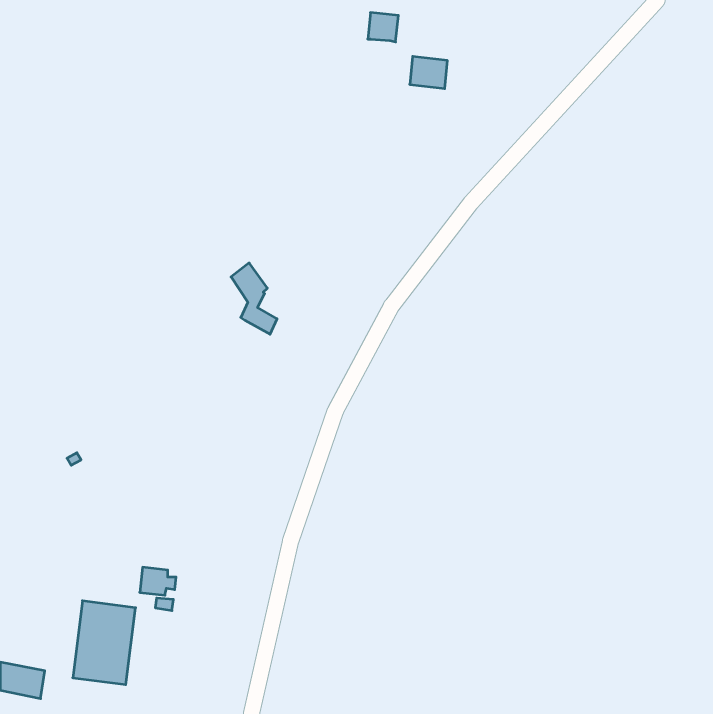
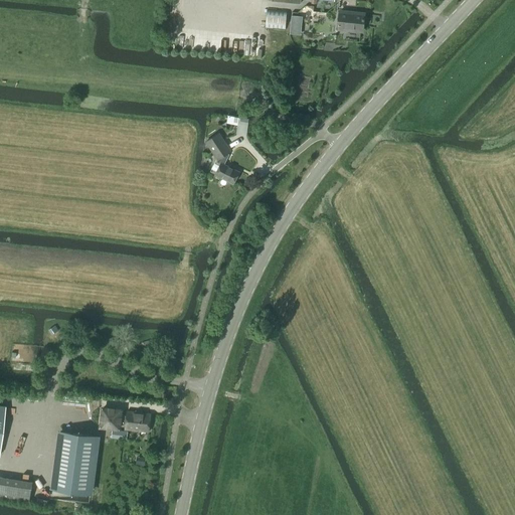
building: [410,56,447,89] -> [339,10,366,33]
building: [231,263,277,334] -> [206,133,239,184]
building: none -> [126,411,152,433]

